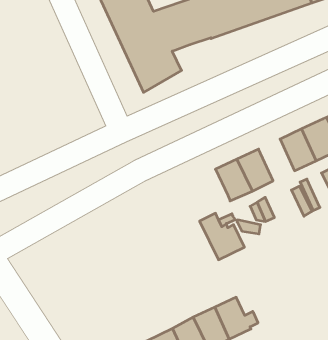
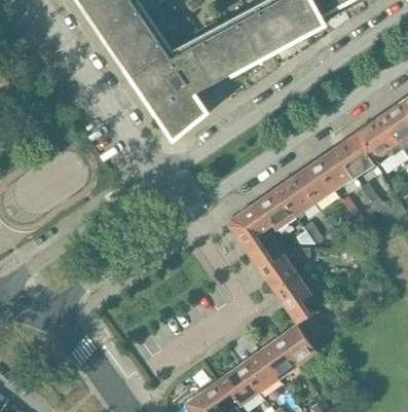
building: none -> [295,161,334,203]
building: none -> [228,201,272,255]
building: none -> [273,273,323,340]

